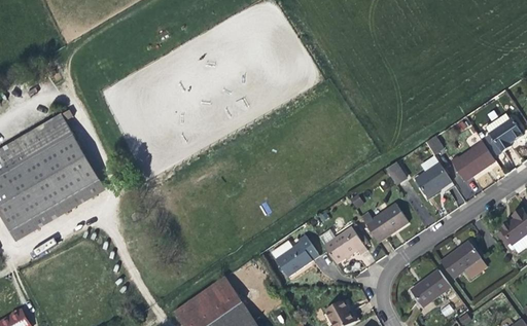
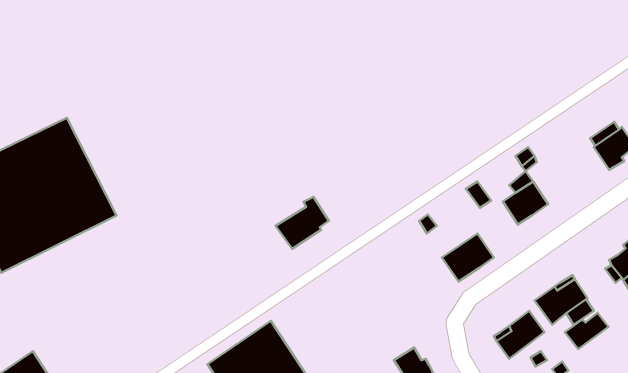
building: [452,141,493,178] -> none
building: [318,228,363,264] -> none
building: [275,237,318,279] -> [276,197,329,249]
building: none -> [565,313,608,349]

